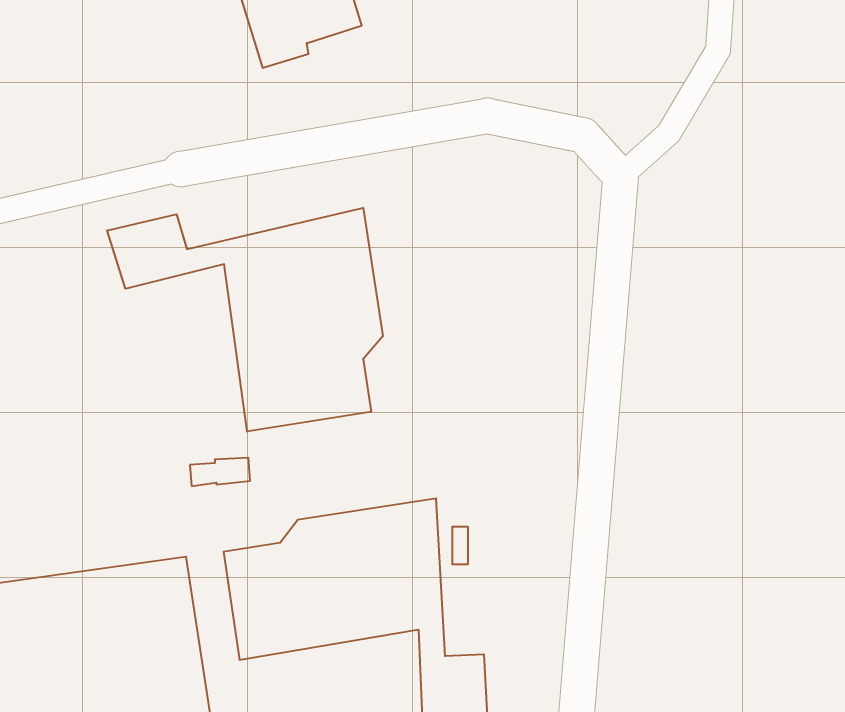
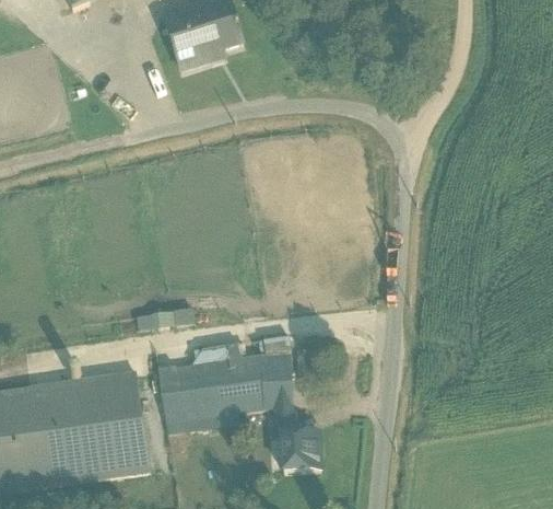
building: [107,208,383,432] -> none

